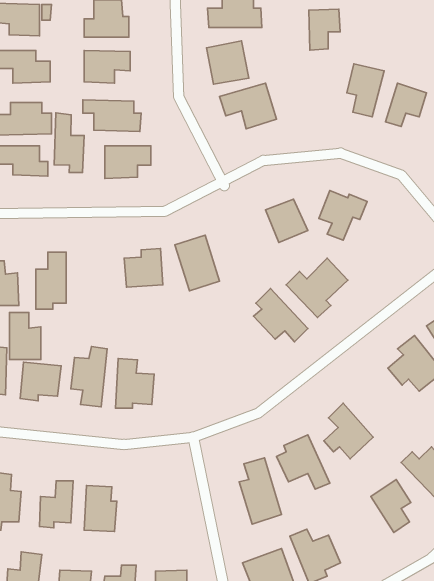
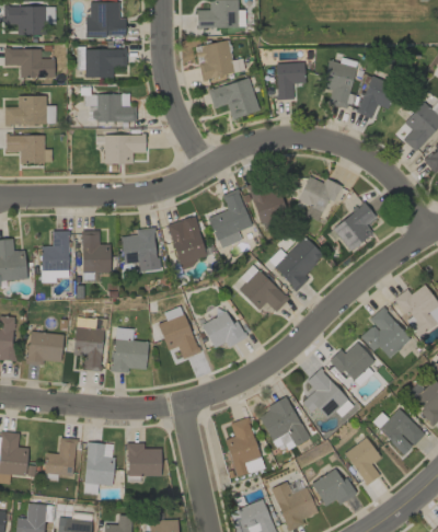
building: [309,9,340,50] -> [277,62,306,100]
building: [54,113,84,173] -> none
building: none -> [208,188,253,248]
building: none -> [332,203,378,251]
building: [9,312,41,360] -> [82,230,111,273]
building: none -> [201,312,246,348]
building: none -> [158,313,199,358]
building: none -> [328,343,374,380]
building: none -> [127,442,162,475]
building: none -> [312,469,357,506]

